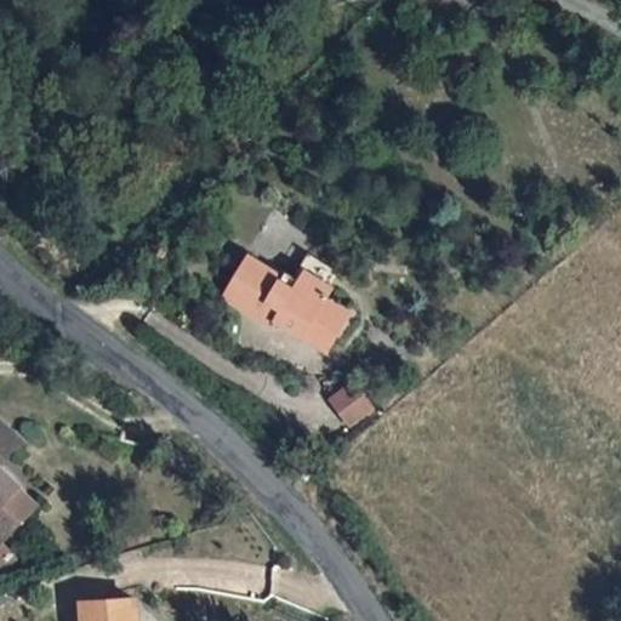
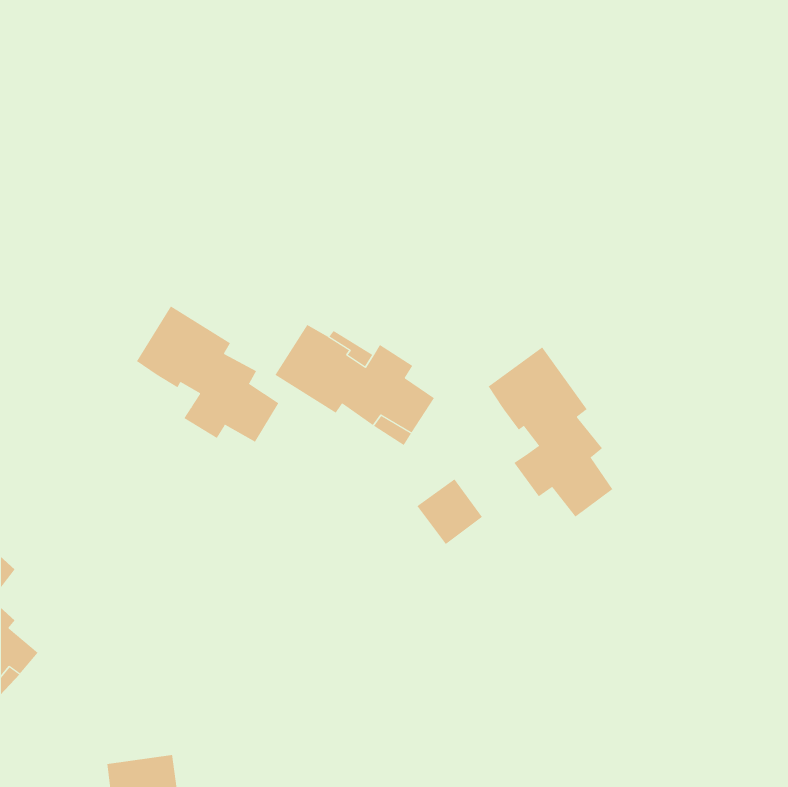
building: none -> [136,305,279,442]
building: none -> [488,347,613,518]

